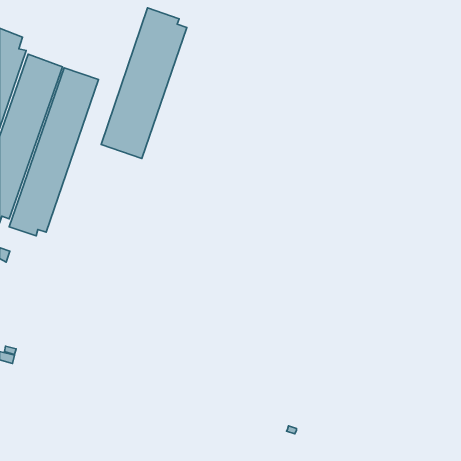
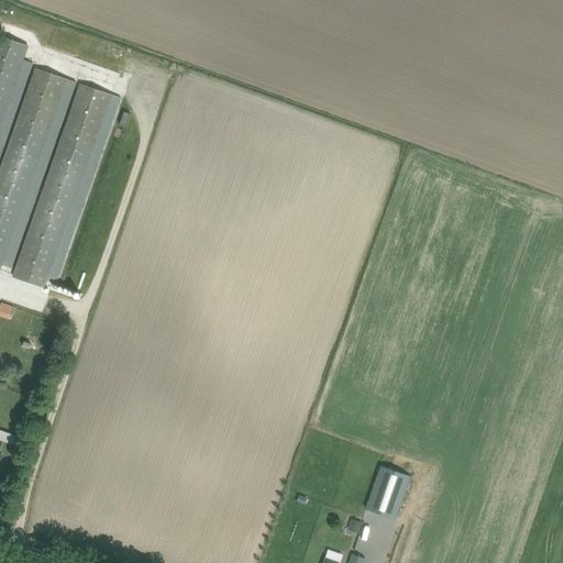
building: [101,8,187,159] -> none
building: none -> [366,466,409,518]

